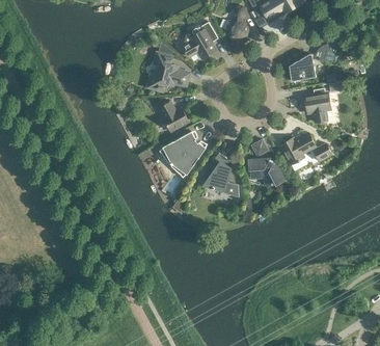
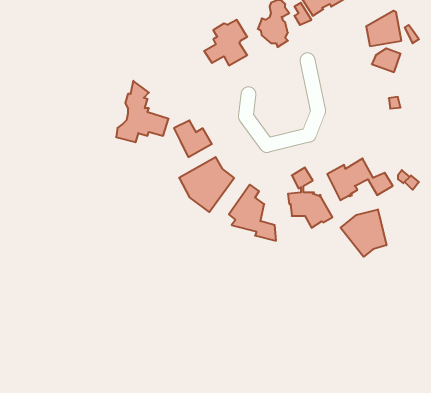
building: [147,43,189,91] -> [116,81,169,142]
building: [288,53,316,81] -> [366,11,401,46]
building: [304,88,330,123] -> none
building: none -> [341,209,386,257]

